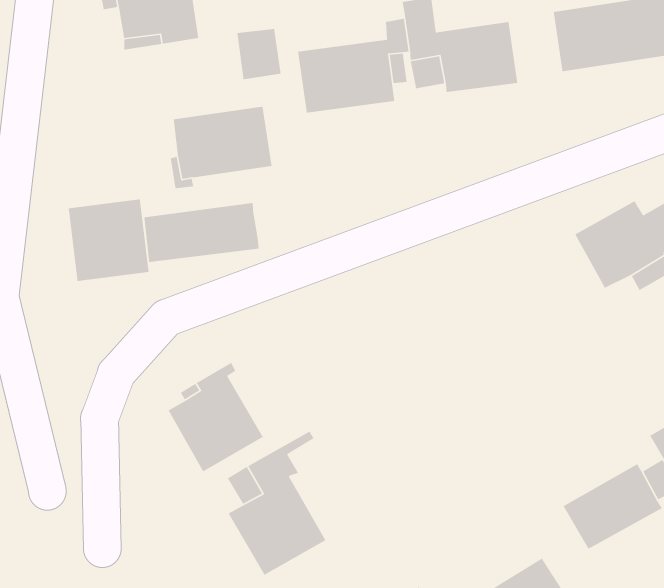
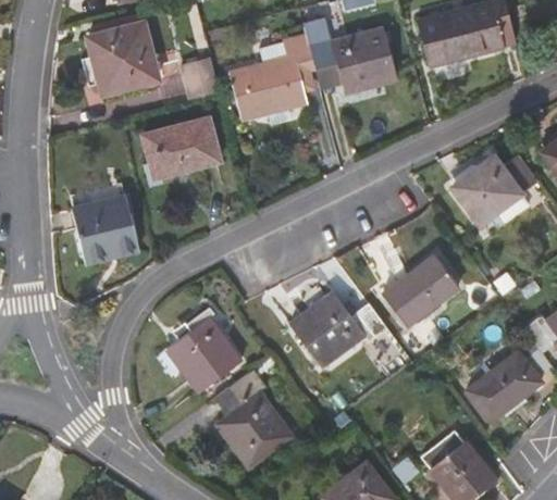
building: [144,202,259,263] -> none
building: none -> [382,254,459,326]
building: none -> [290,291,386,365]

